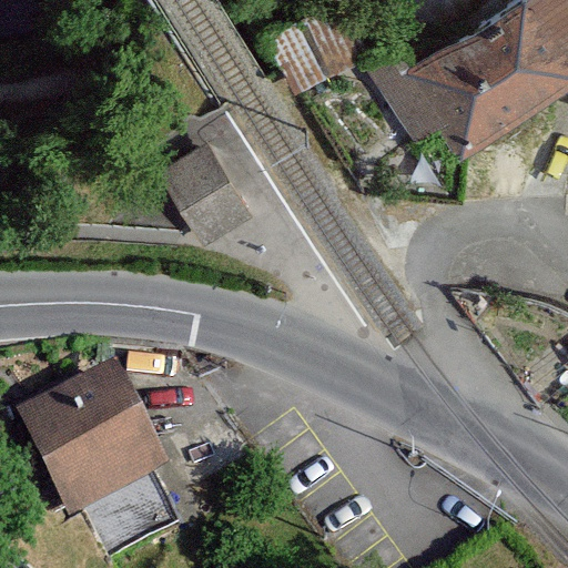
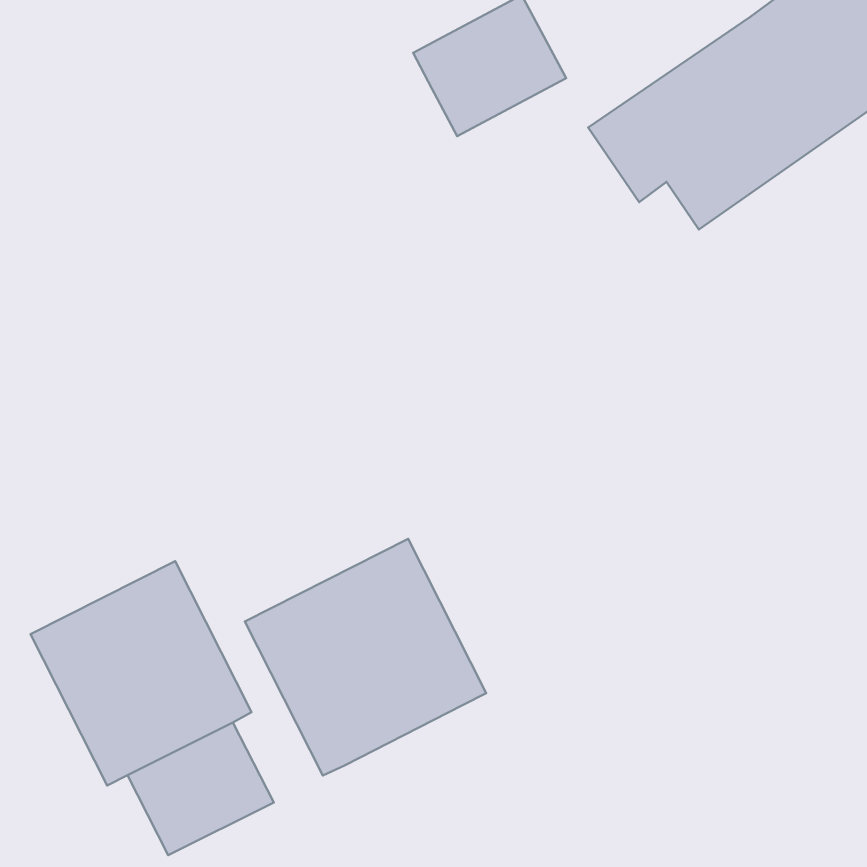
building: [163,144,253,243] -> none
building: none -> [245,539,486,776]

